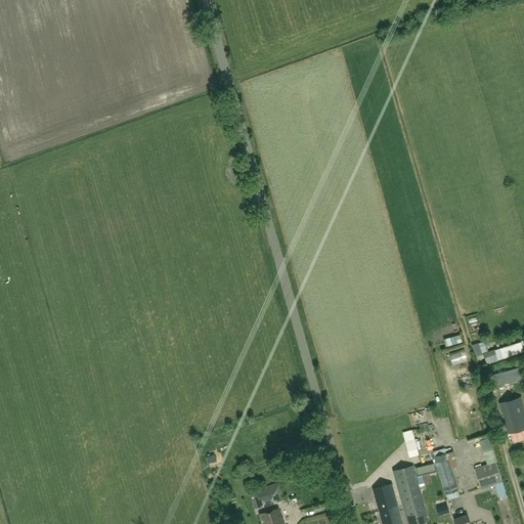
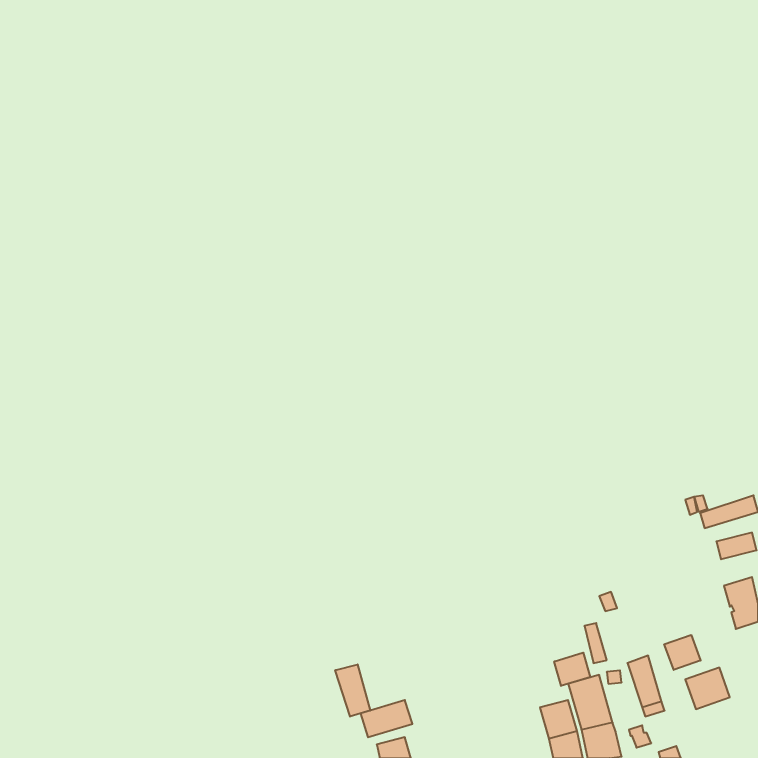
building: none -> [664,635,701,670]
building: none -> [554,653,590,686]
building: none -> [335,664,370,717]

